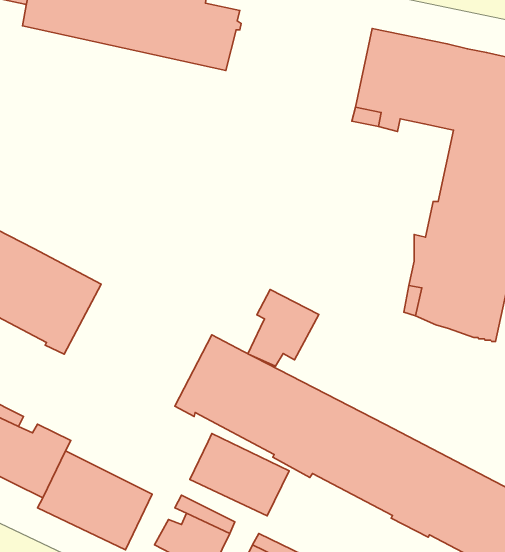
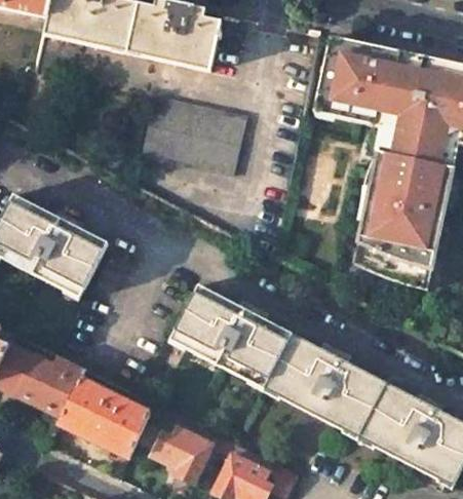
building: none -> [142,98,246,175]
building: [248,290,319,366] -> none
building: [190,433,289,516] -> none

